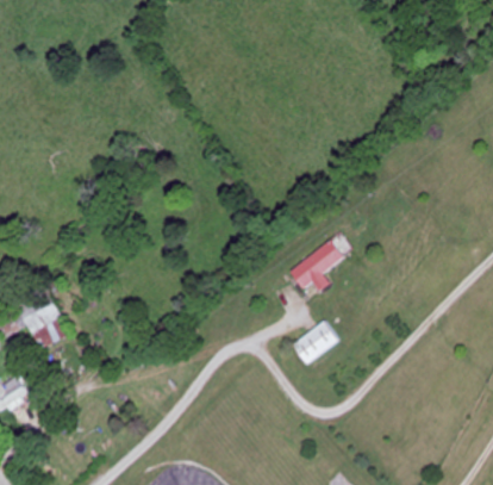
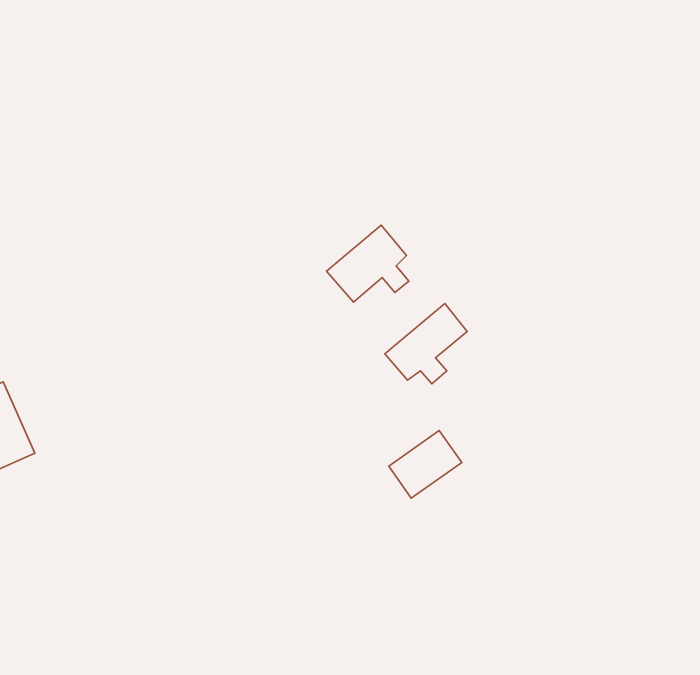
building: none -> [326,225,409,302]

